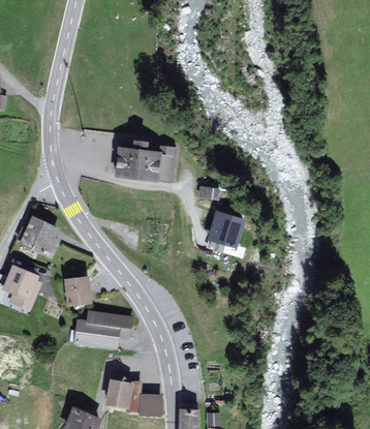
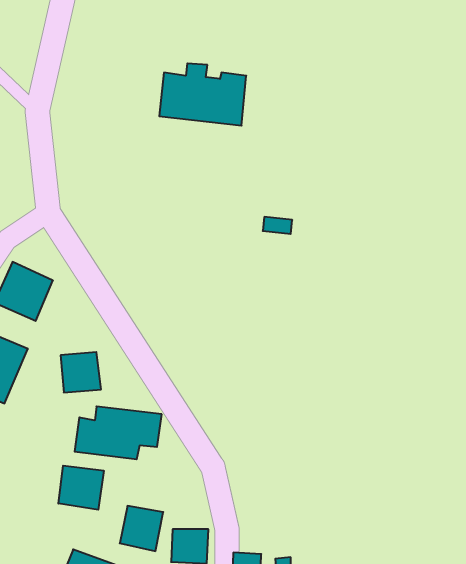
building: [116,141,174,182] -> [159,63,246,126]
building: [208,211,244,247] -> none
building: none -> [58,466,104,510]

